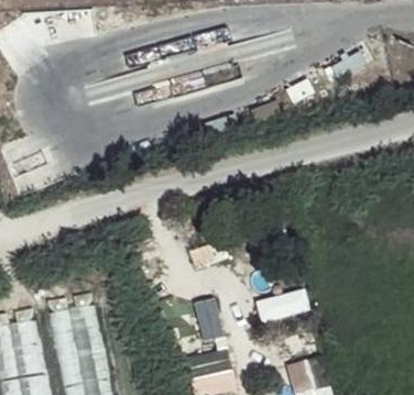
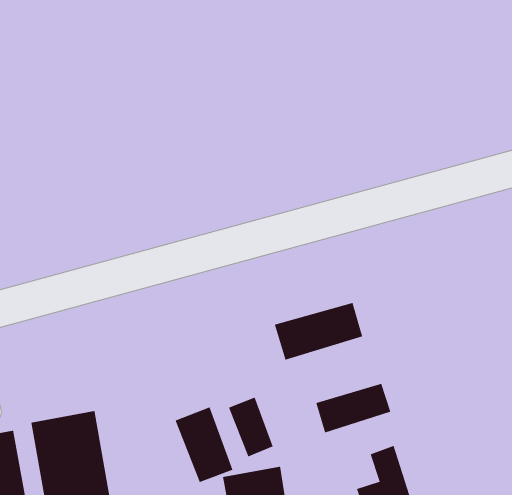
building: none -> [274,302,363,360]
building: none -> [175,406,233,483]

